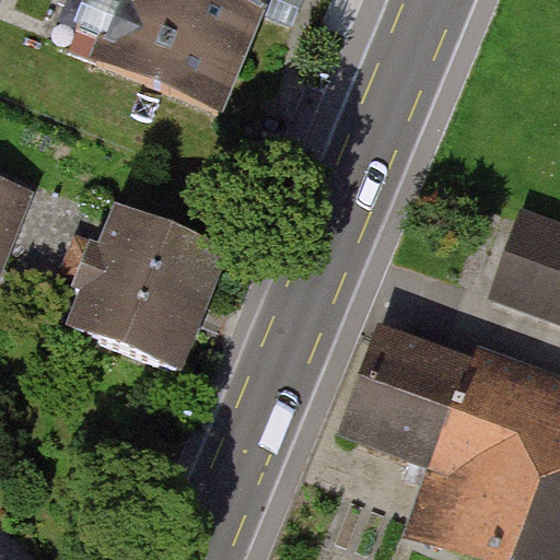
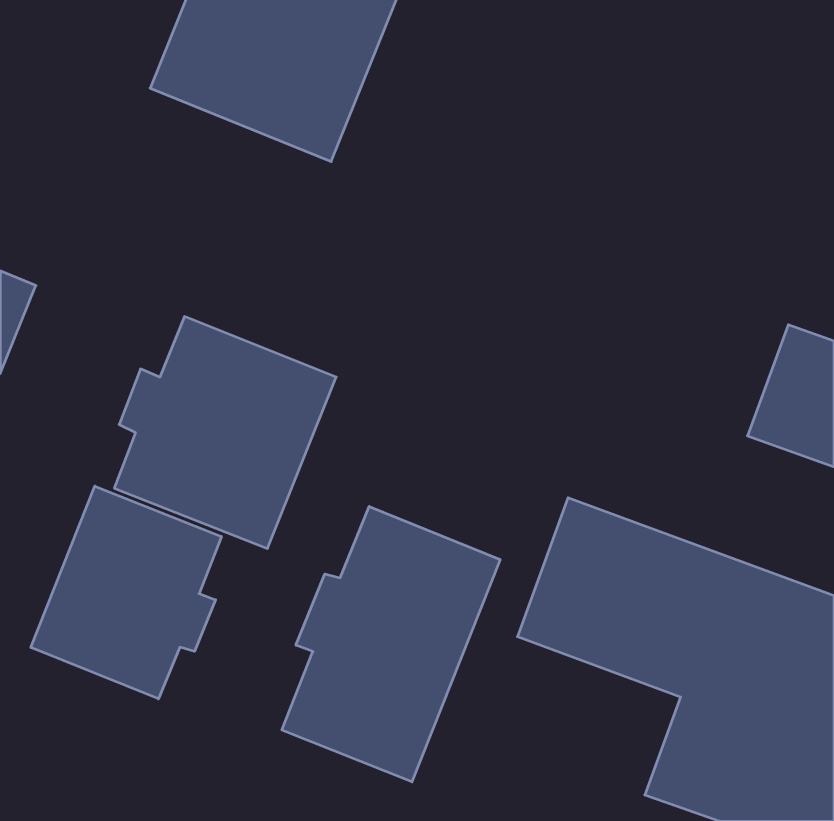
building: none -> [31,486,221,699]
building: none -> [282,506,500,782]

